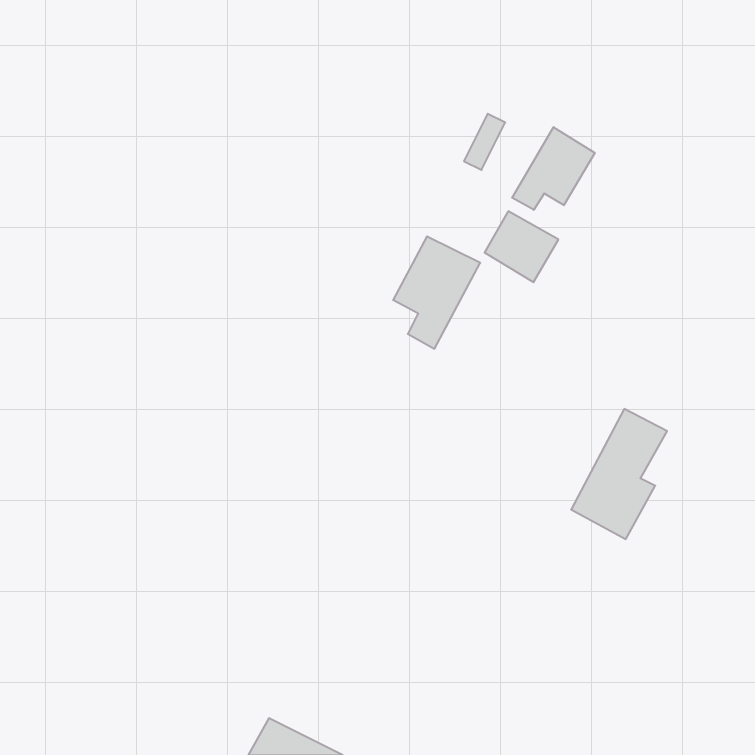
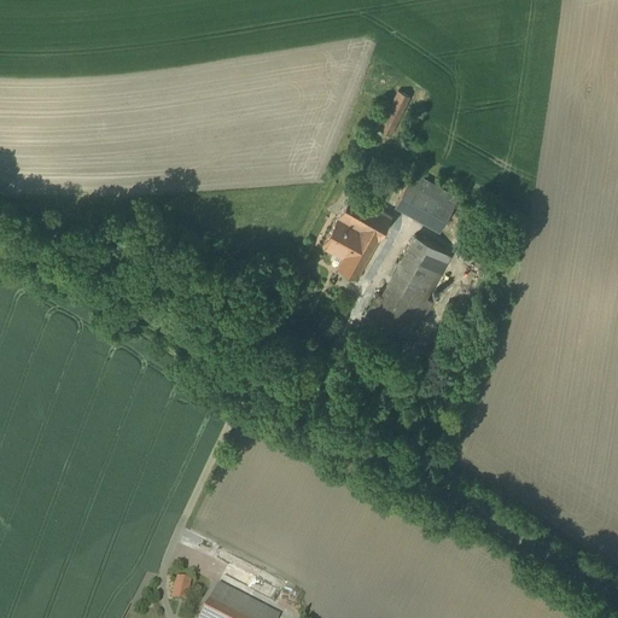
building: [512,127,595,210] -> none
building: [571,409,667,539] -> [371,239,449,345]

